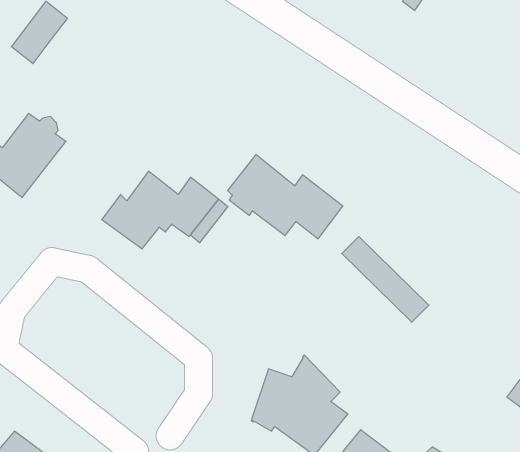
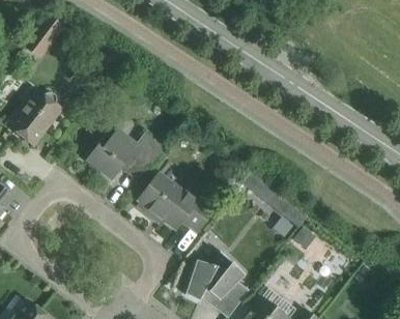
building: [228,155,343,239] -> [137,177,213,233]

